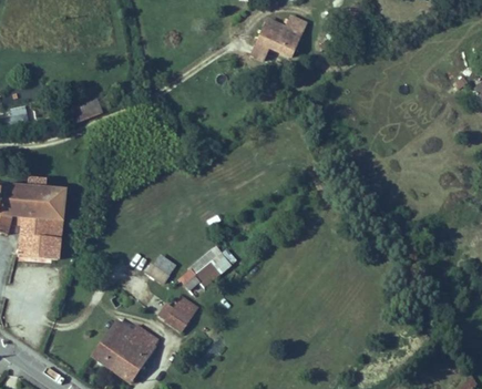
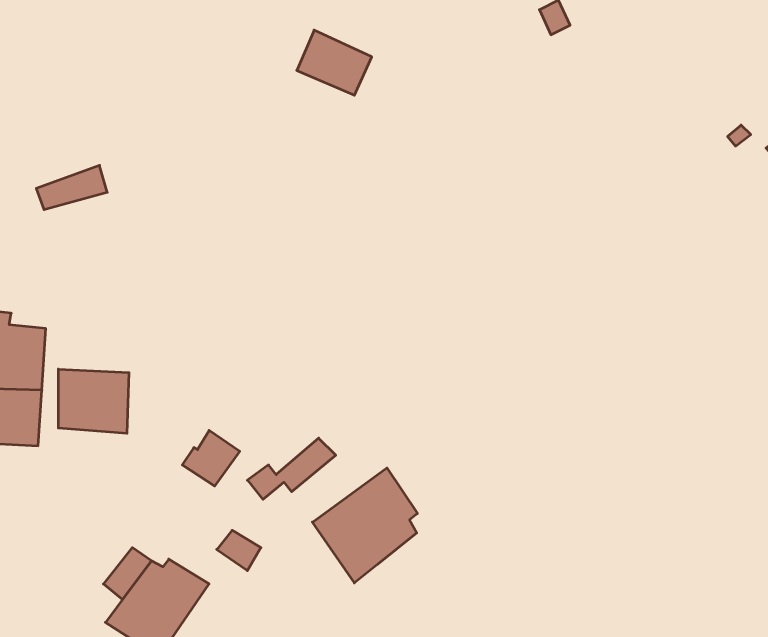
building: [258,18,301,55] -> [297,30,372,95]
building: none -> [58,369,129,433]
building: none -> [312,468,417,583]

